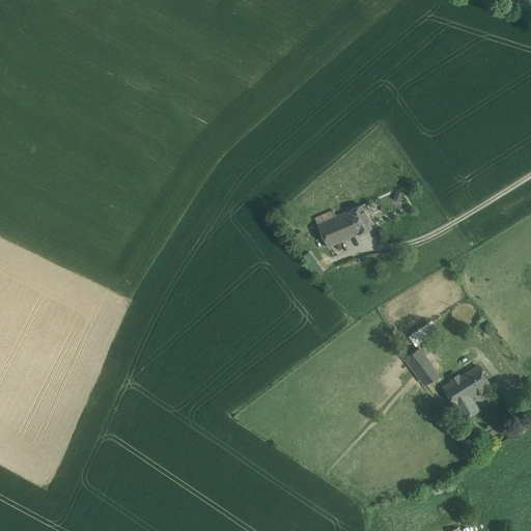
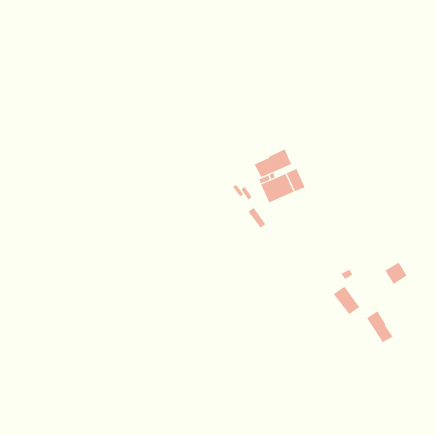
building: none -> [254,149,292,178]
building: [459,368,487,396] -> [385,262,408,285]

